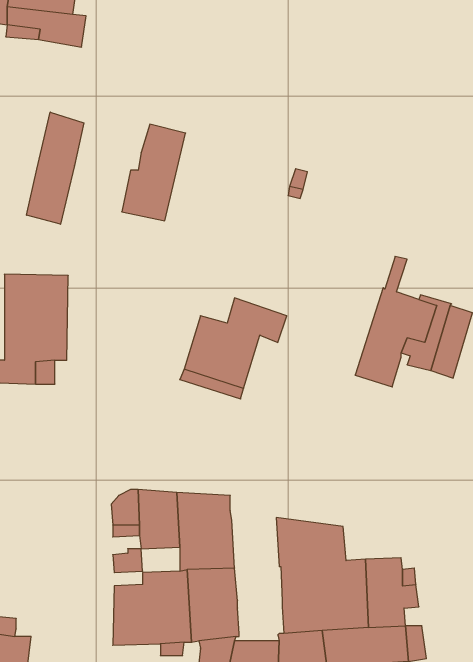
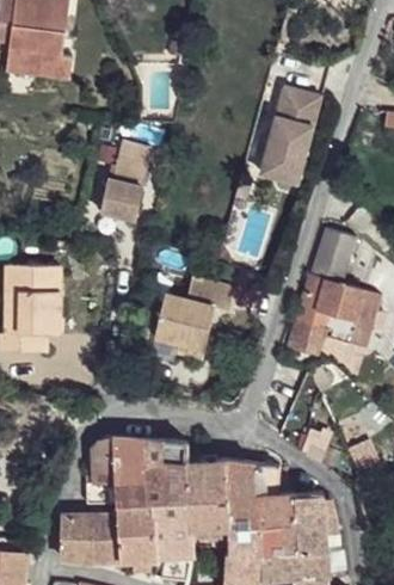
building: none -> [257,87,319,185]
building: [27,112,84,224] -> none
building: none -> [320,229,352,284]
building: none -> [187,452,229,526]
building: none -> [61,515,94,562]

